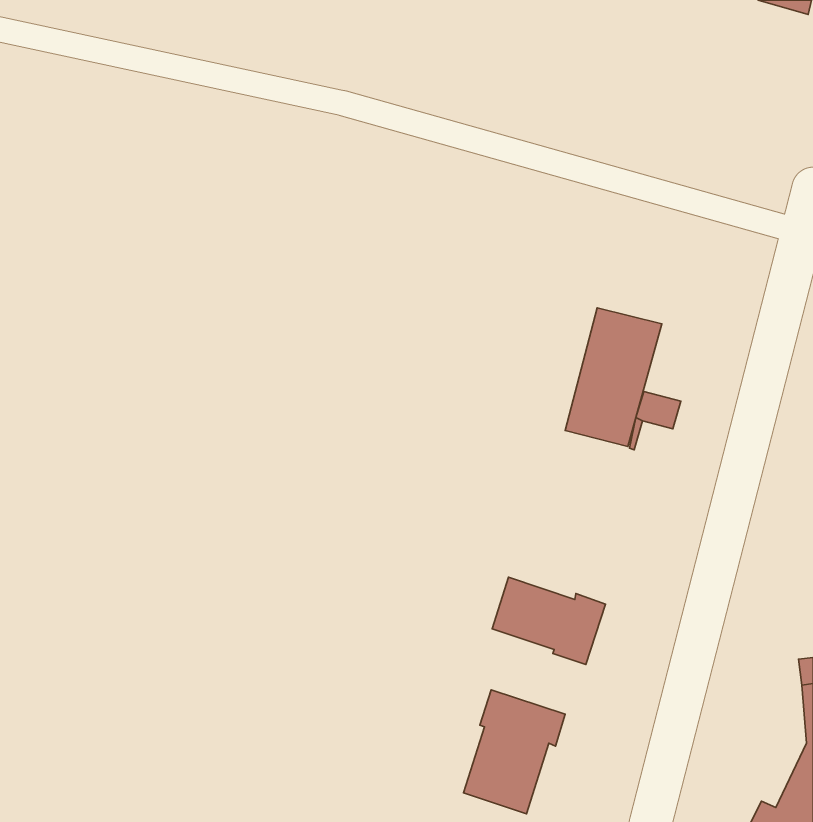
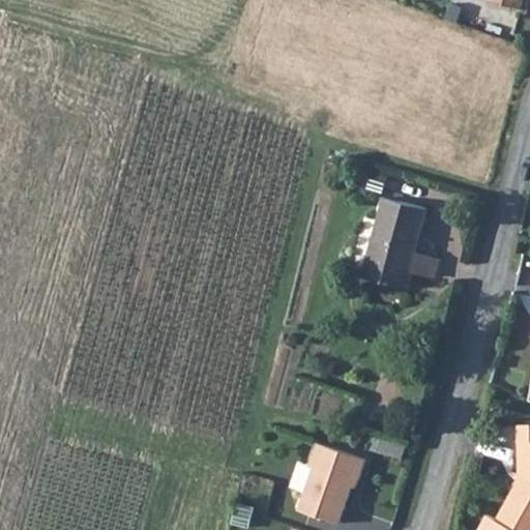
building: [492,577,606,665] -> none

